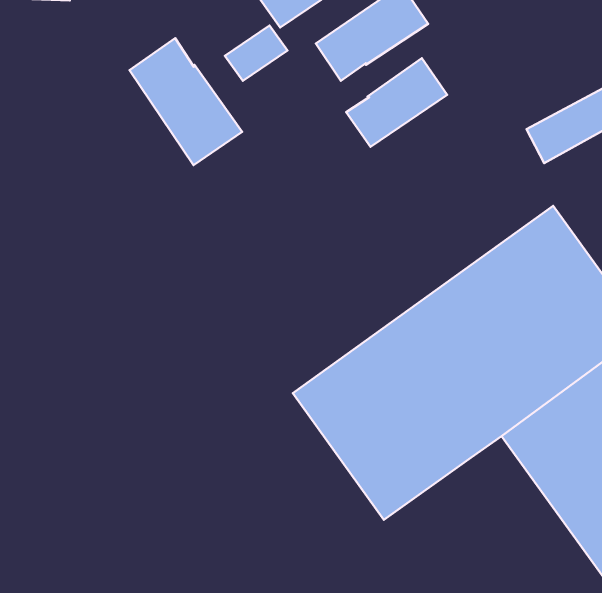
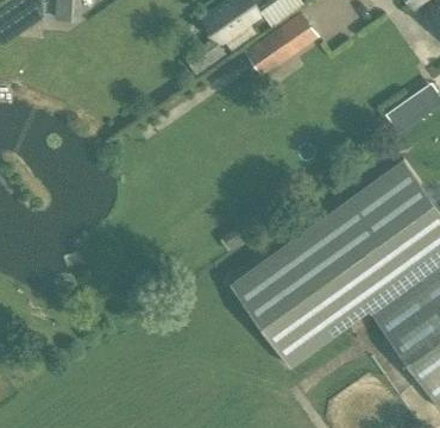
building: [129,38,242,165] -> none
building: [346,58,447,147] -> none

